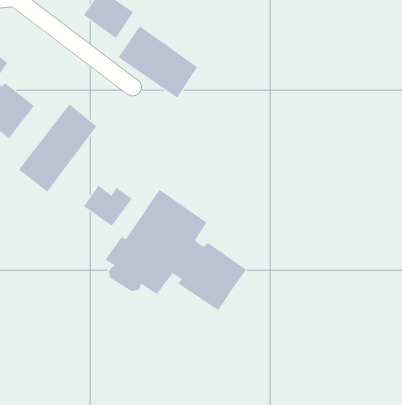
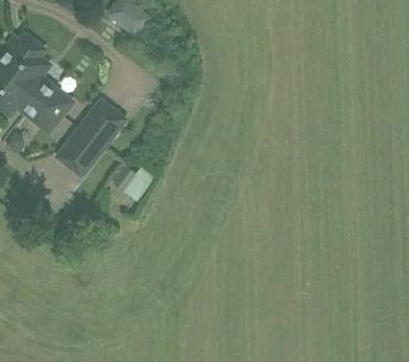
building: [118,26,198,98] -> none
building: [105,189,247,311] -> none

